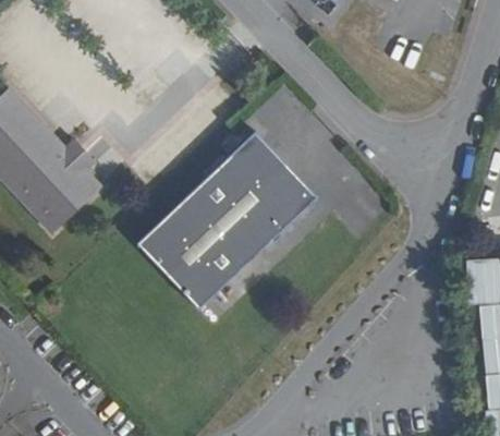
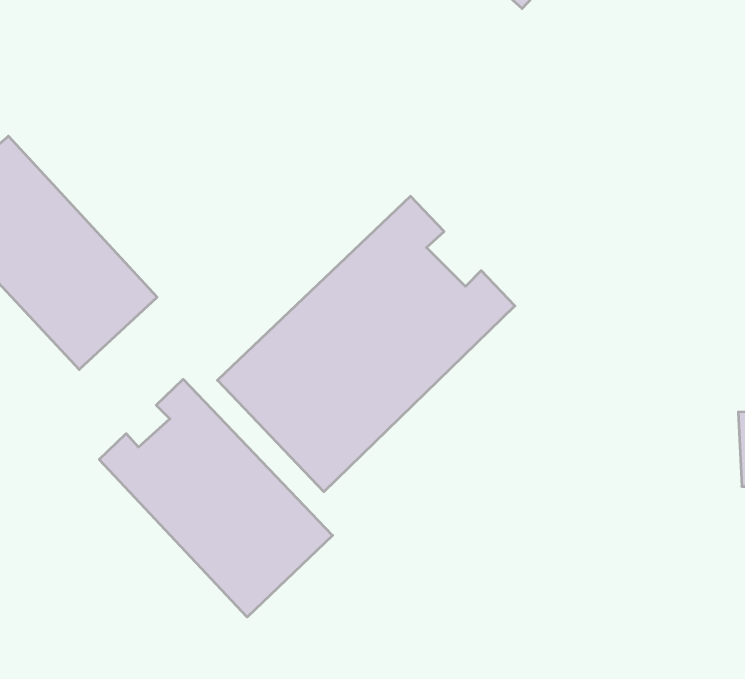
building: none -> [99,379,333,617]

